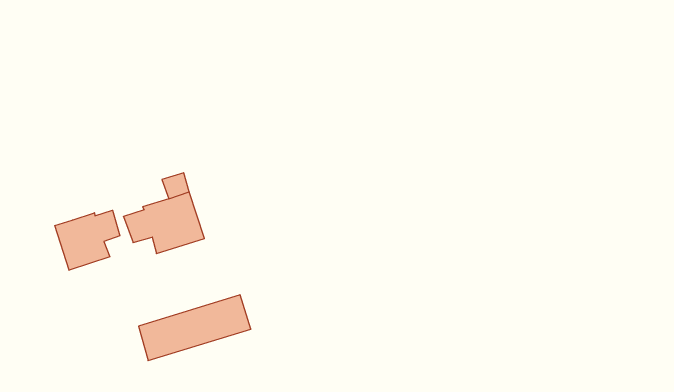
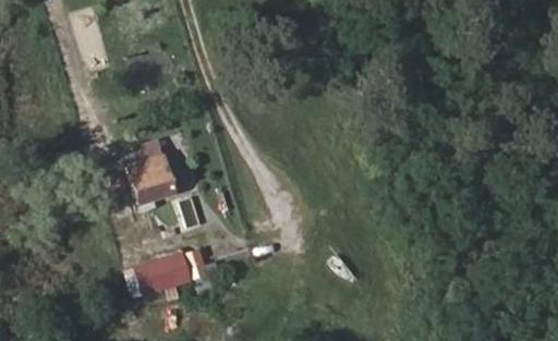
building: [55,210,120,270] -> none

